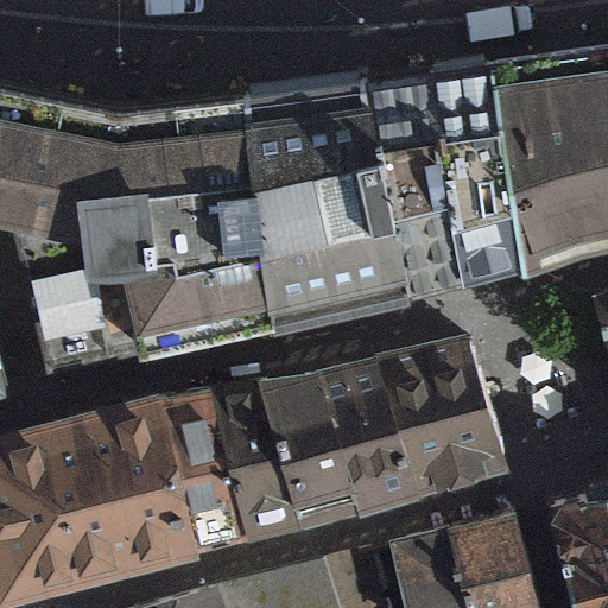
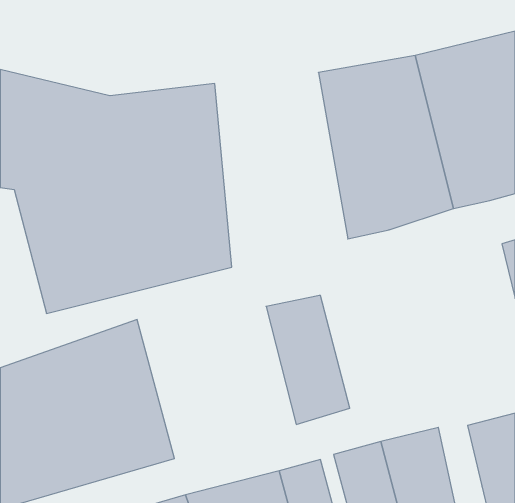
building: [253,100,410,329] -> none
building: [378,338,507,495] -> none
building: [166,375,349,555] -> none

